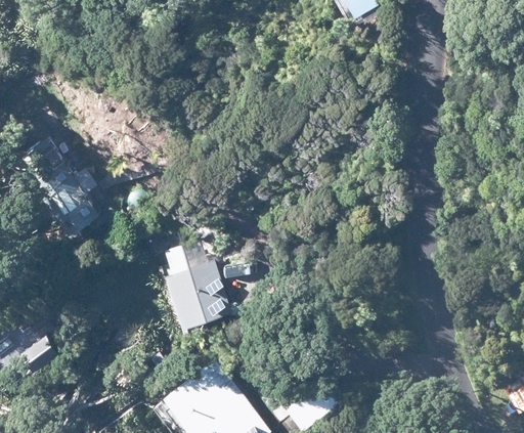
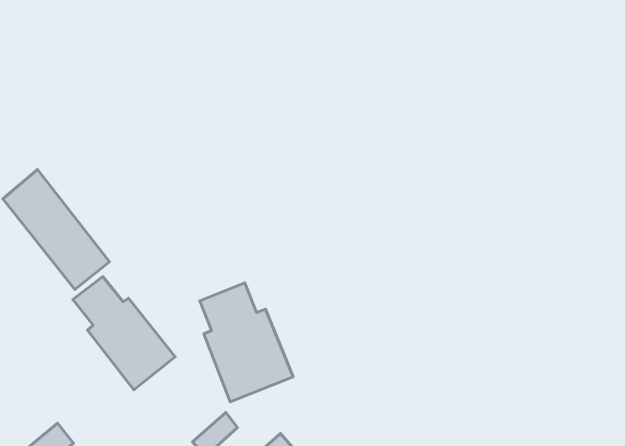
building: none -> [73,276,175,390]

